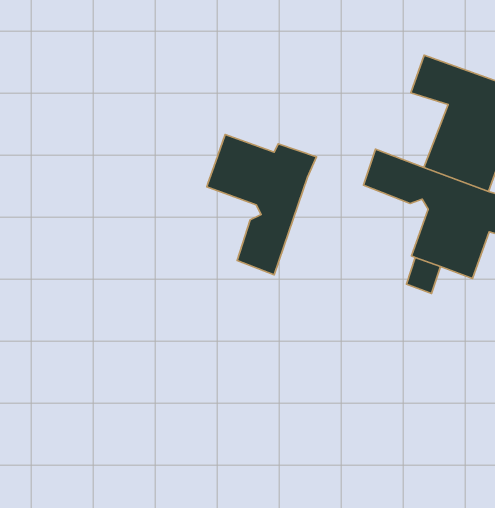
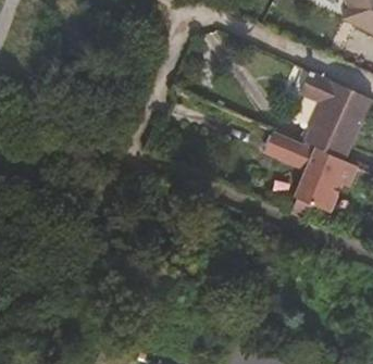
building: [207,134,317,275] -> none

